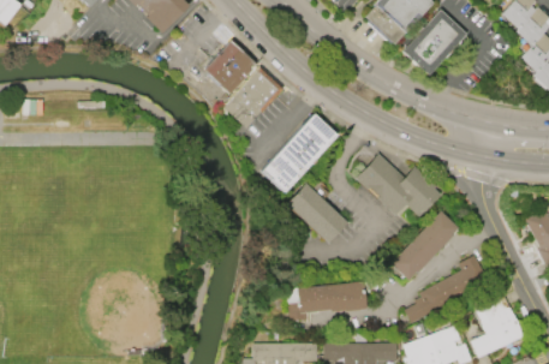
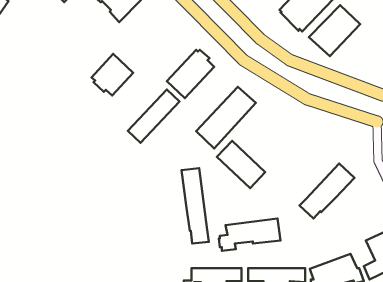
building: [201,40,253,93] -> [91,54,133,96]
building: none -> [128,89,179,143]
building: [354,155,440,216] -> none
building: none -> [182,168,209,244]
building: [405,255,489,323] -> none

